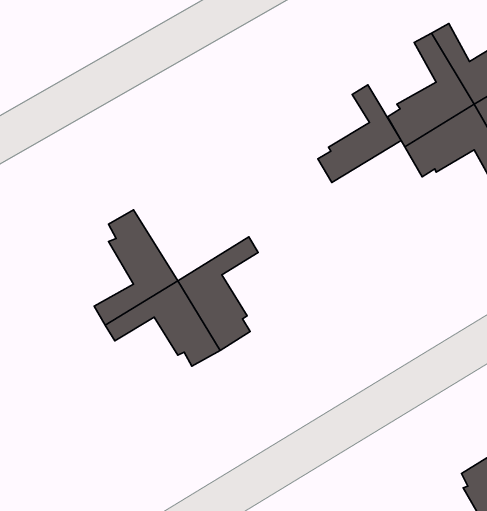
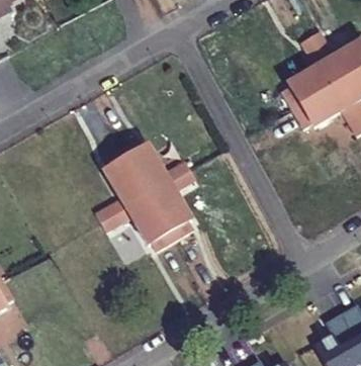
building: [318,85,401,182] -> none
building: none -> [118,139,192,197]

